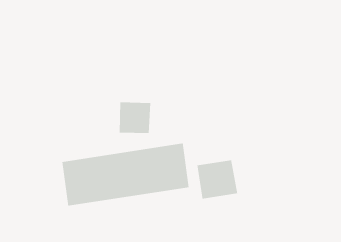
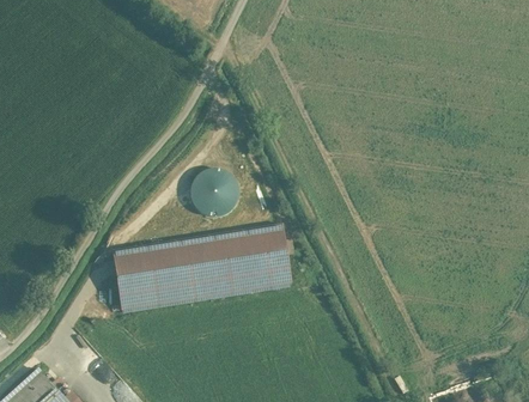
building: [197,160,238,199] -> none

